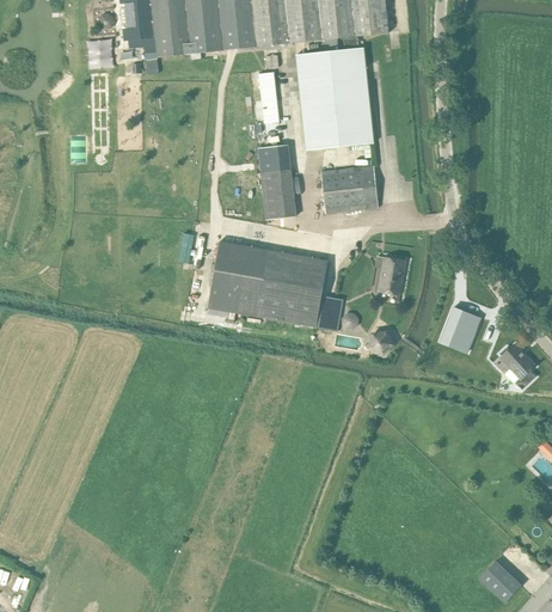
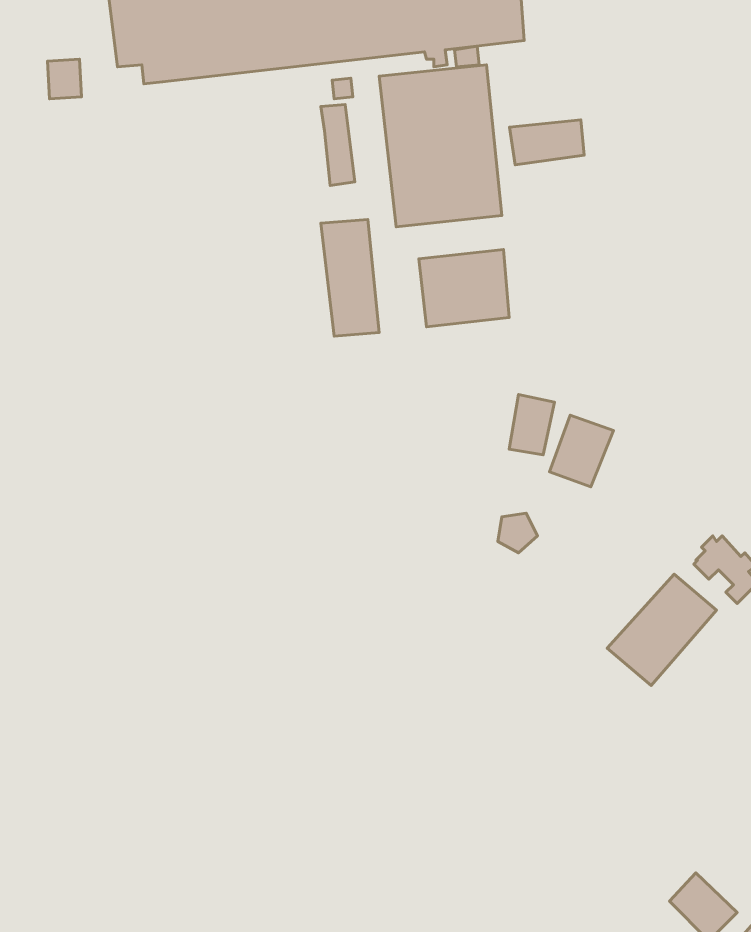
building: none -> [509,120,584,165]
building: [207,239,344,331] -> none
building: [440,306,480,351] -> [550,415,614,487]
building: none -> [607,574,717,685]

